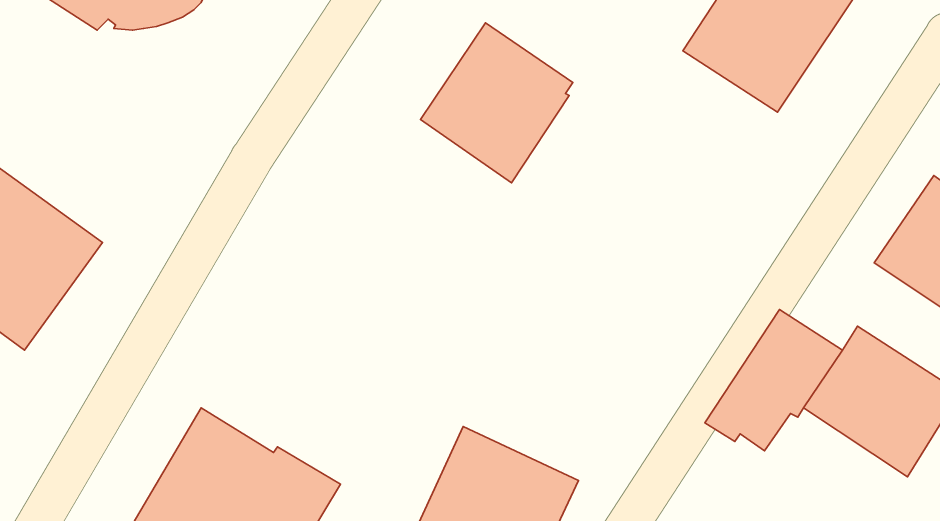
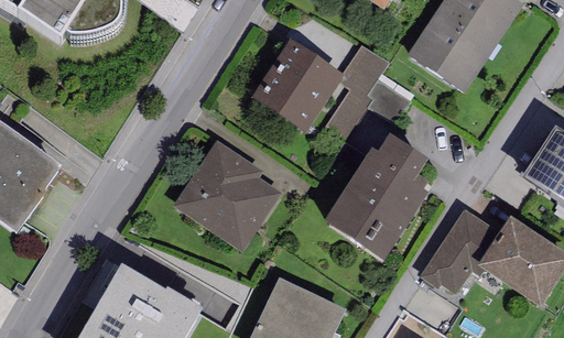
building: none -> [325,41,411,135]
building: none -> [324,135,429,264]
building: none -> [173,139,282,250]

